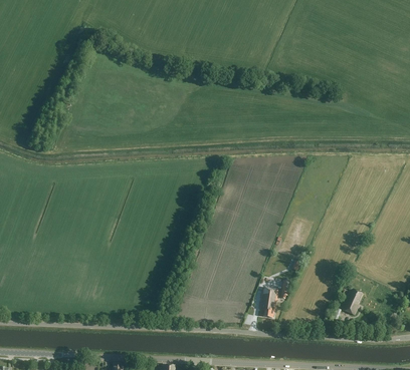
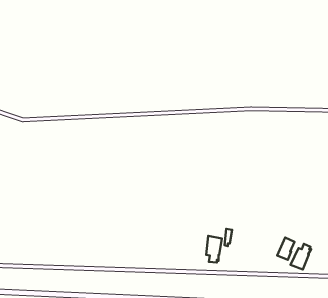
building: none -> [290,244,311,269]

